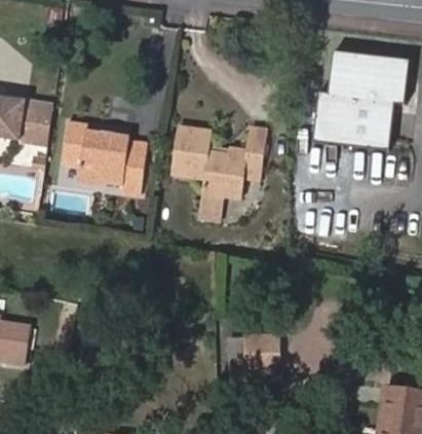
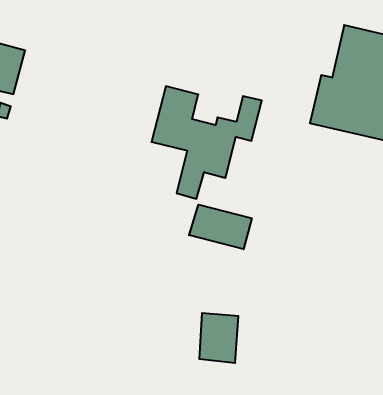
building: [62,122,147,195] -> none
building: none -> [189,205,252,249]

